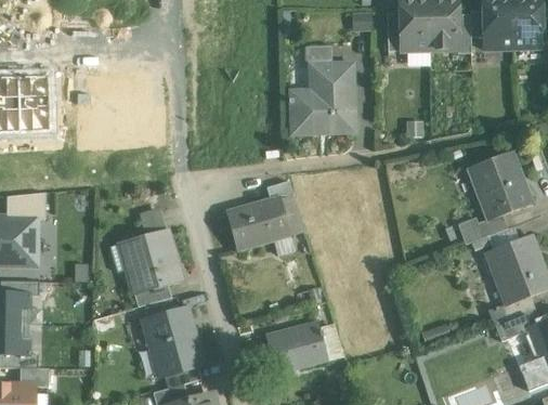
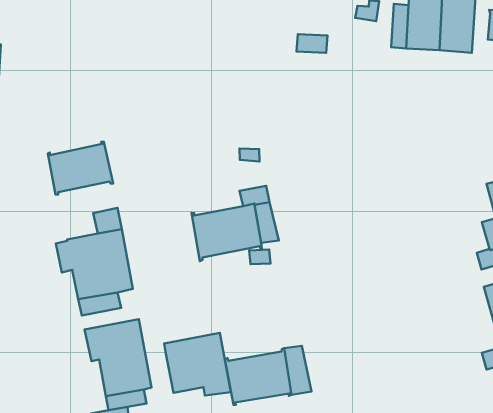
building: [291,64,352,132] -> none
building: none -> [48,142,113,195]
building: none -> [164,333,231,396]

